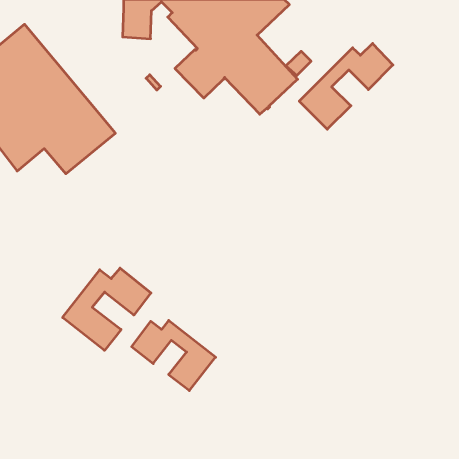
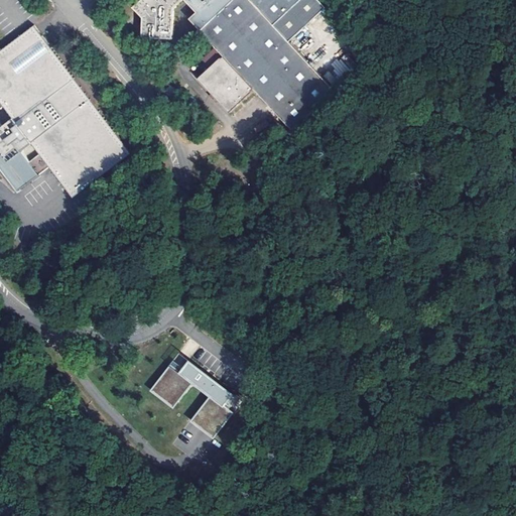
building: [299,43,393,129] -> none
building: [63,268,151,350] -> none

